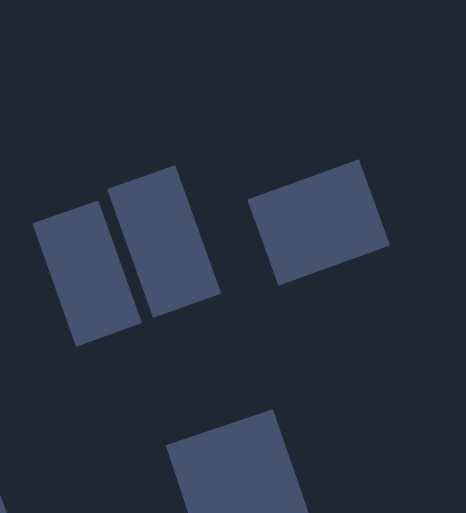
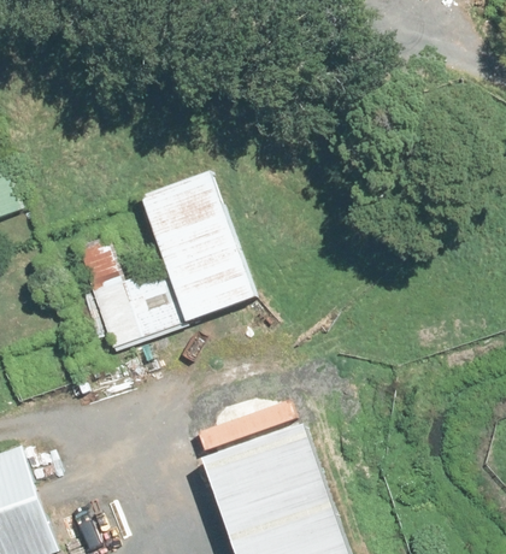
building: [246,159,391,286] -> none

